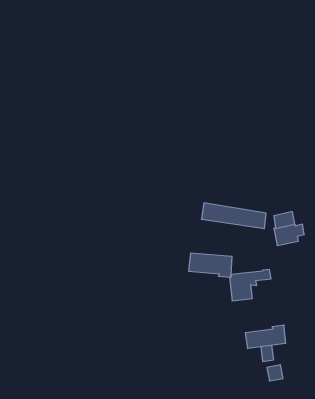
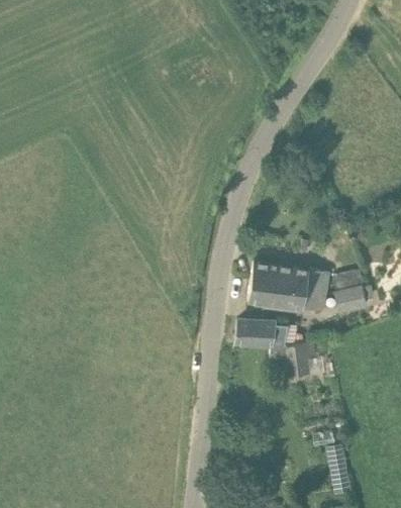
building: none -> [248,281,325,311]
building: [245,325,286,349] -> none

